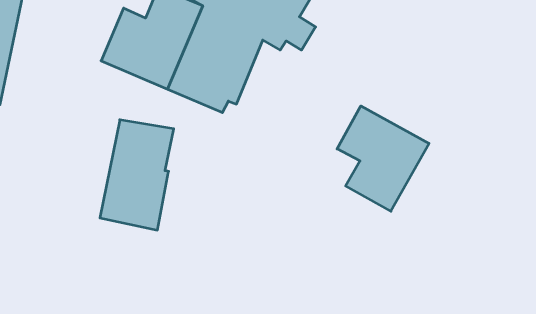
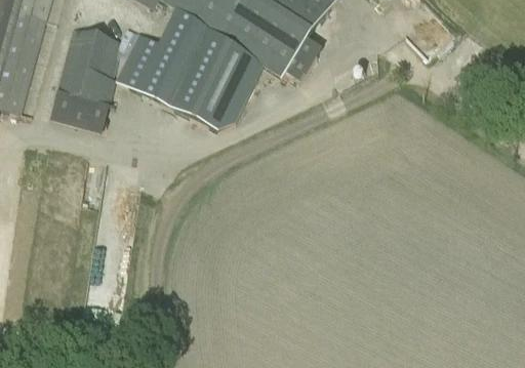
building: [337,106,429,211] -> none
building: [100,120,174,230] -> [50,28,123,131]

